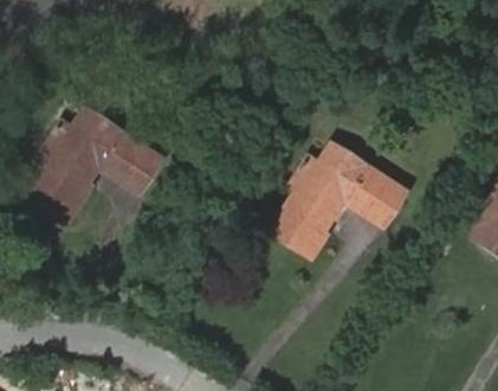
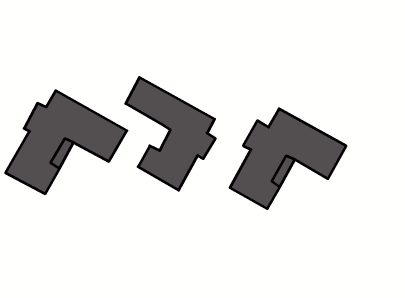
building: none -> [126,77,215,190]

